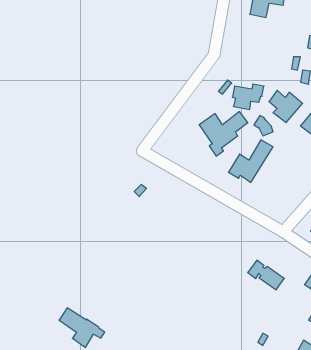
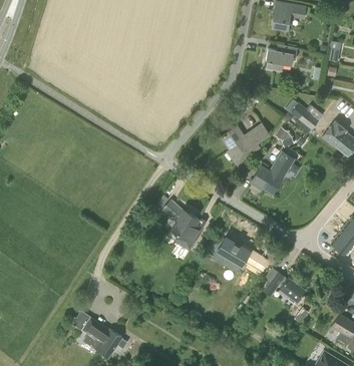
building: [232,84,264,109] -> [265,47,296,72]
building: none -> [162,202,202,250]
building: none -> [206,239,268,270]

